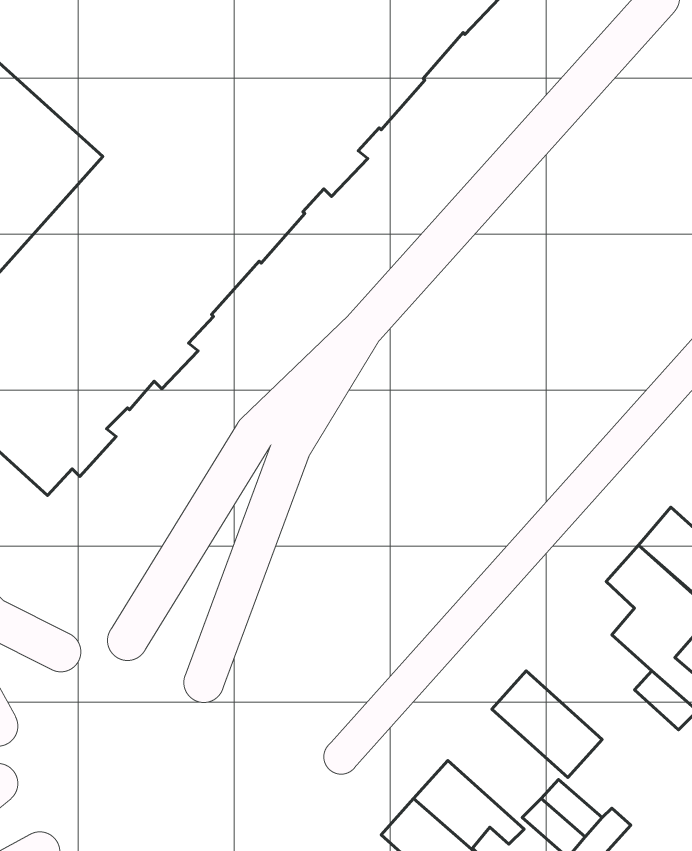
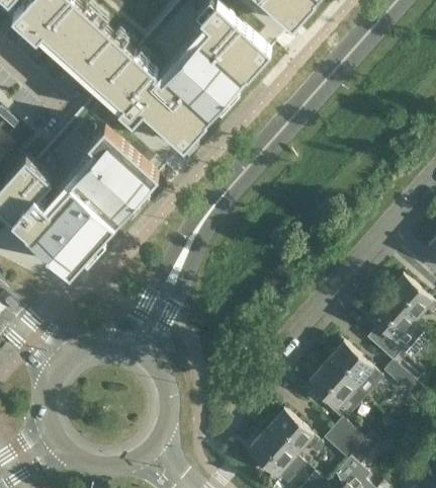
building: none -> [324,345,381,401]

